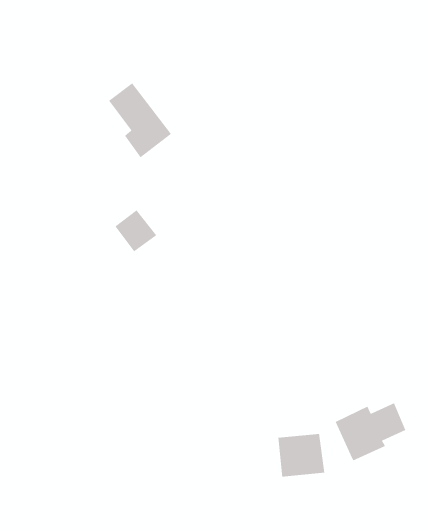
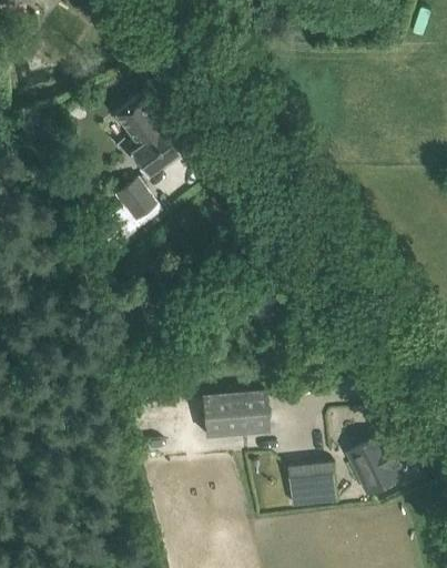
building: [115,210,157,252] -> [114,179,159,223]
building: none -> [201,389,267,439]

